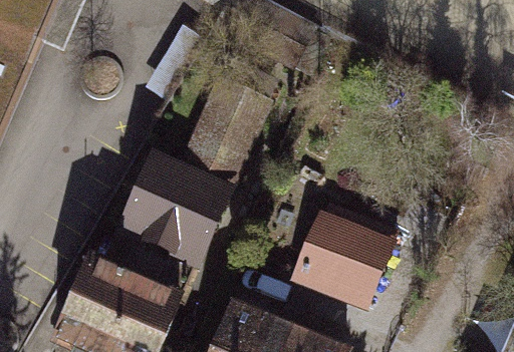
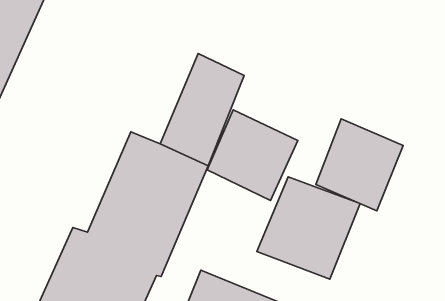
building: none -> [207,110,298,201]
building: none -> [316,119,403,211]

